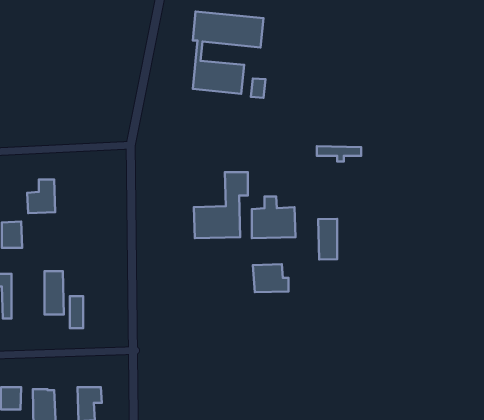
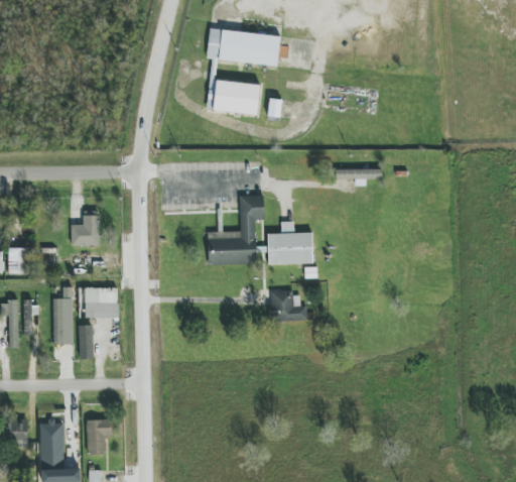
building: [27,179,55,213] -> [71,211,100,246]
building: [318,219,337,260] -> none
building: none -> [84,287,118,318]
building: none -> [23,302,38,336]

